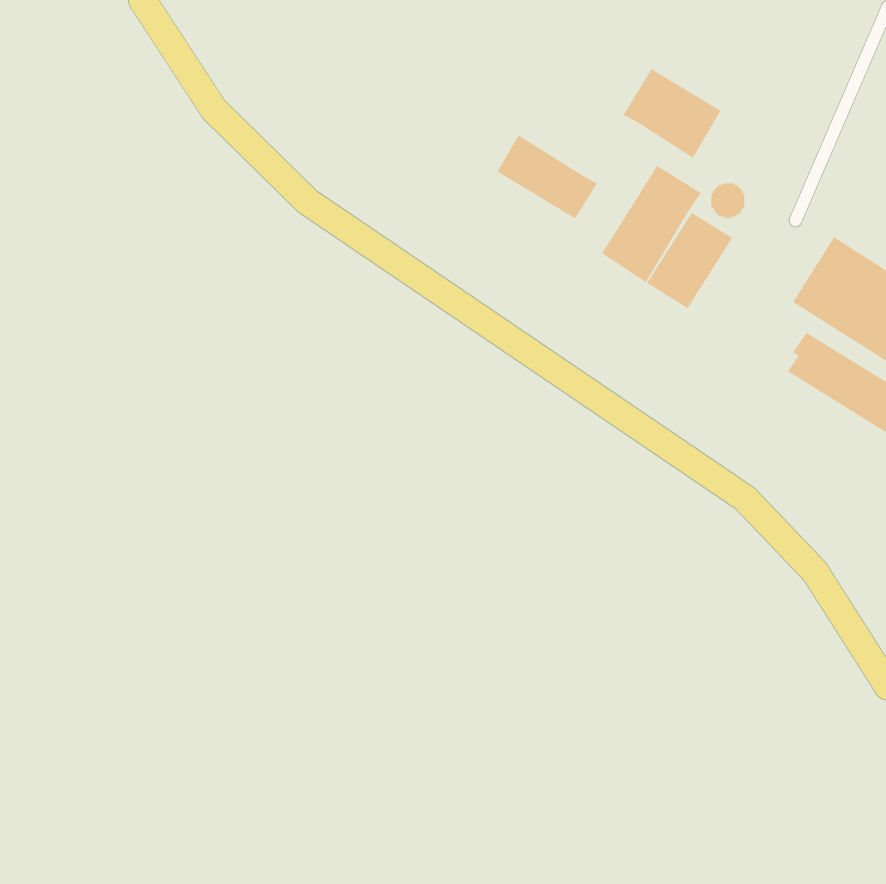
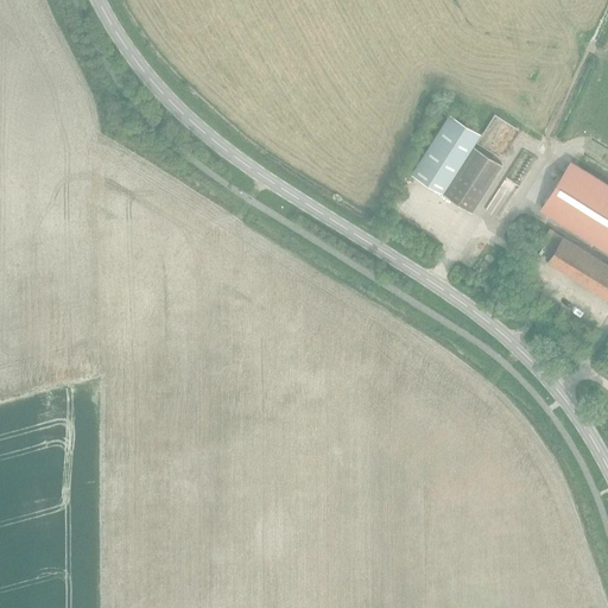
building: [622,68,722,159] -> none
building: [497,134,598,219] -> none

